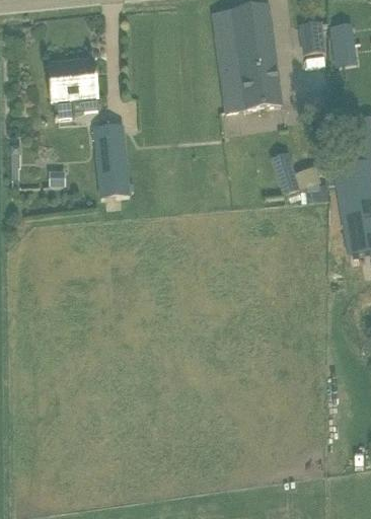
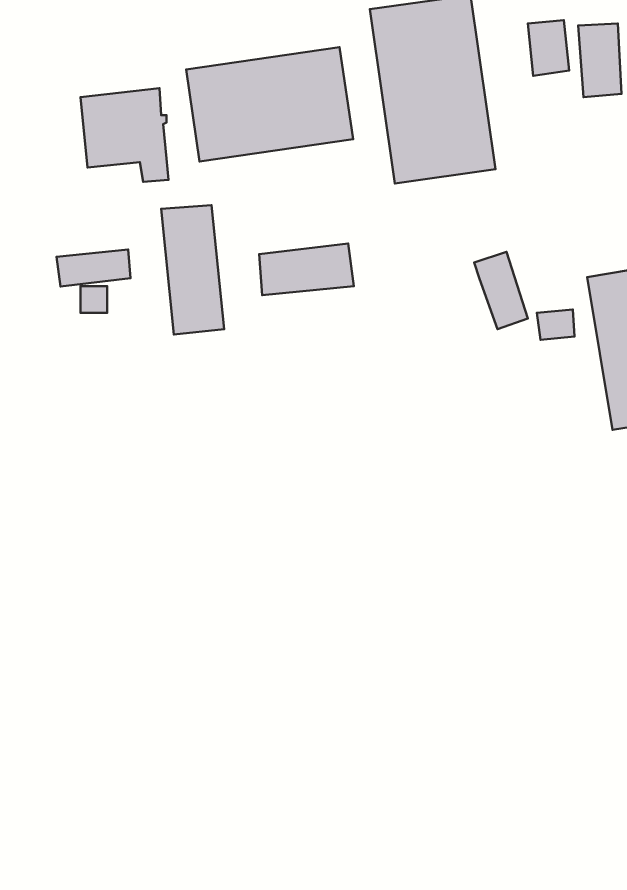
building: none -> [186,47,353,161]
building: none -> [259,243,354,295]
building: none -> [56,250,130,286]

